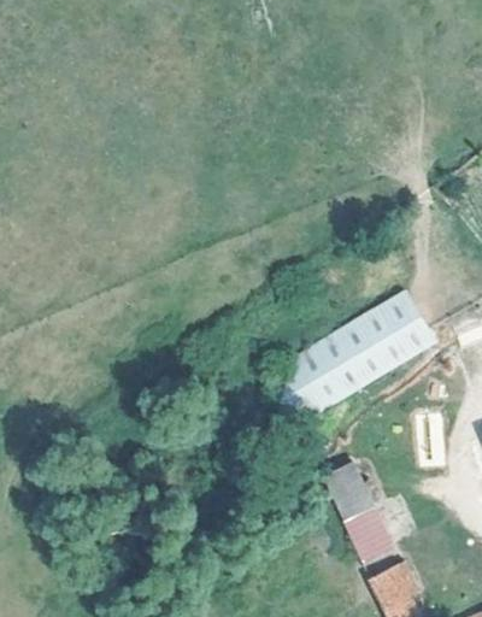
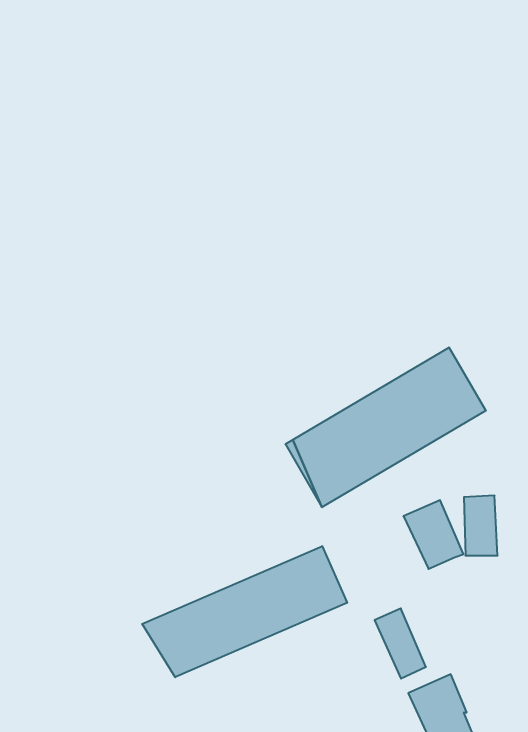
building: none -> [142,546,347,677]
building: [323,458,372,515] -> [403,500,463,569]

